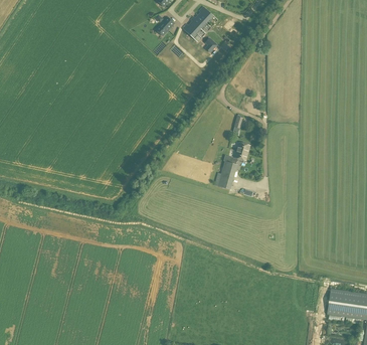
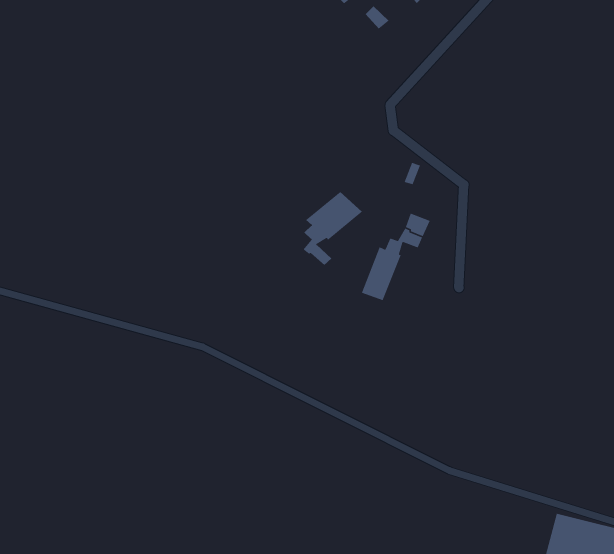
building: none -> [303,191,363,266]

